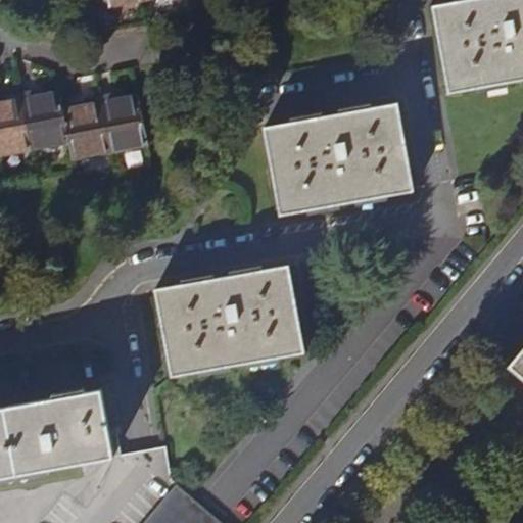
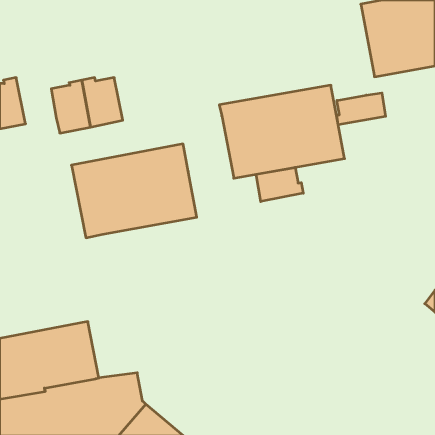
building: [19,90,67,149] -> none
building: none -> [337,93,386,125]
building: none -> [256,167,303,202]
building: [154,265,304,377] -> [71,144,197,238]

